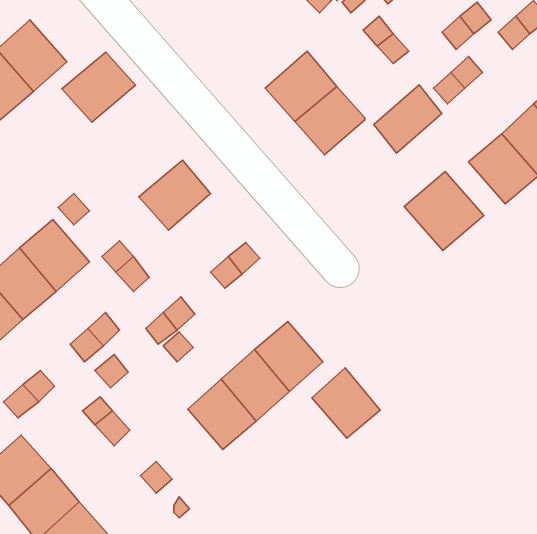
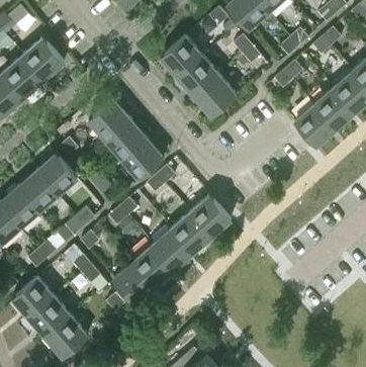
building: none -> [161,37,201,78]
building: [62,52,136,122] -> [87,100,129,141]
building: [374,85,442,153] -> none
building: [404,171,484,251] -> none
building: none -> [121,139,163,179]
building: [312,368,380,438] -> [190,195,230,236]
building: none -> [113,263,153,303]

